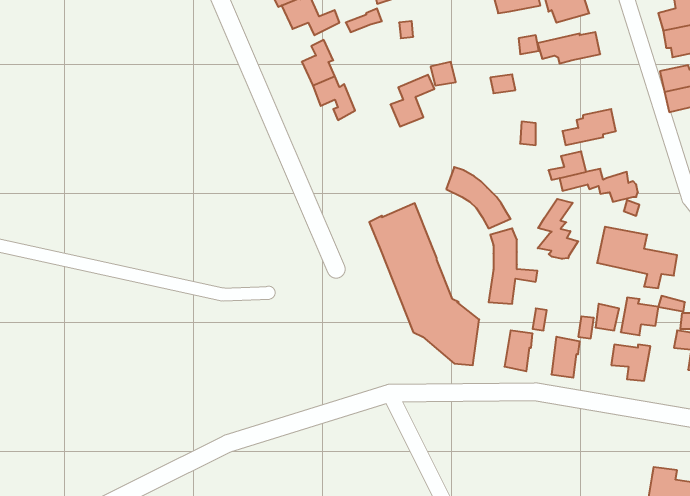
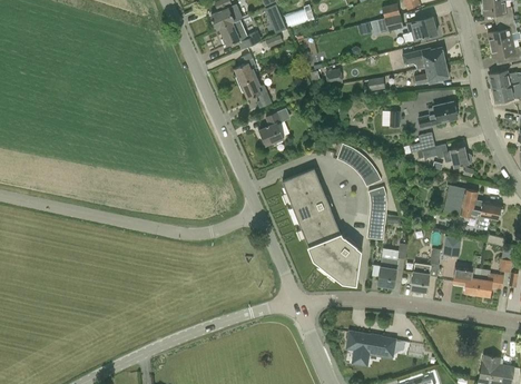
building: none -> [413,62,449,85]
building: [390,75,434,127] -> [259,108,291,145]
building: [538,199,578,259] -> none
building: [621,298,658,335] -> [476,269,503,296]
building: none -> [346,332,395,365]

